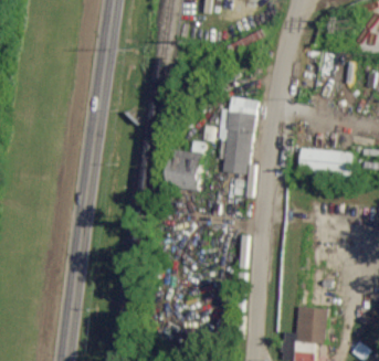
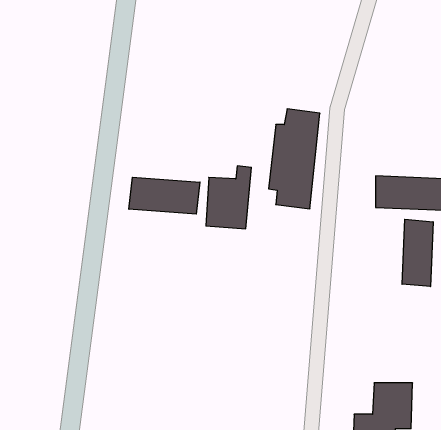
building: none -> [129,177,200,214]
building: none -> [402,219,433,287]

